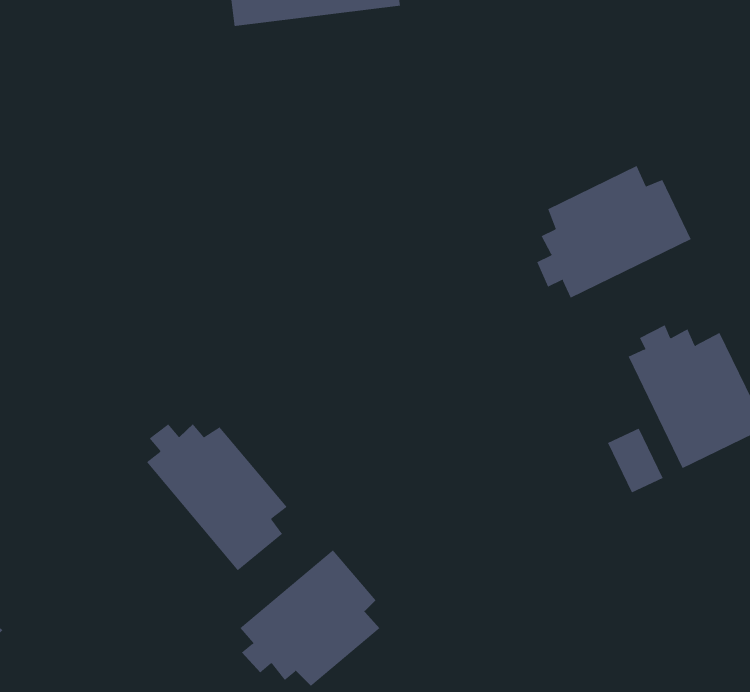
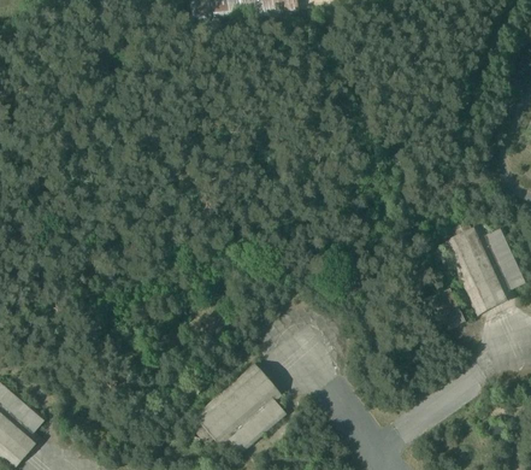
building: [537,165,691,299] -> none
building: [146,423,287,571] -> none

